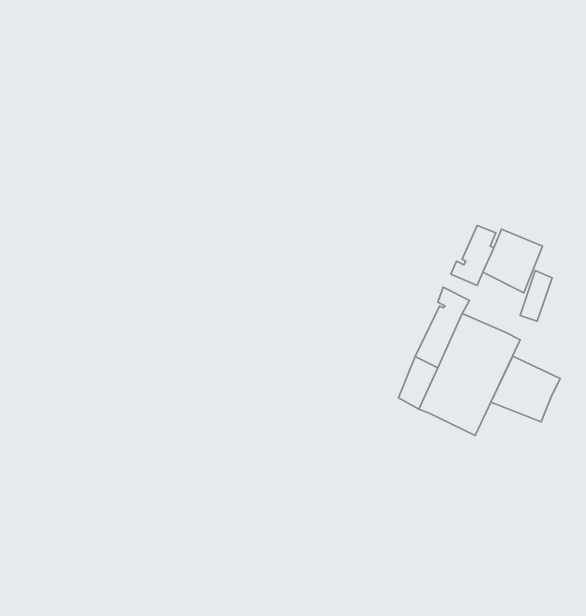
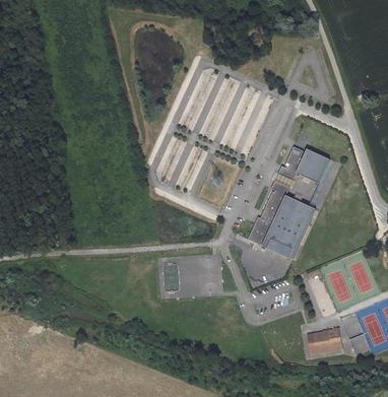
building: [491,356,560,422] -> none
building: none -> [308,330,341,351]

